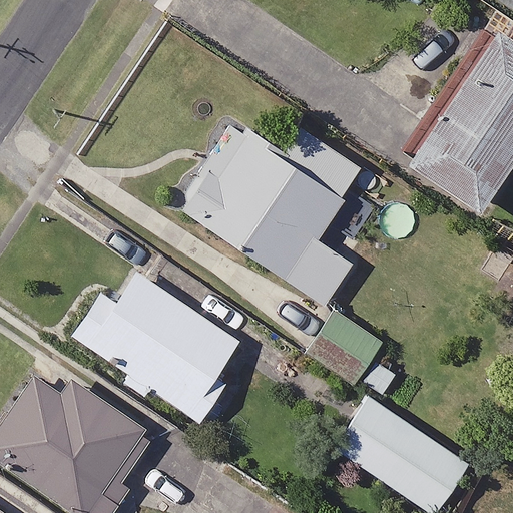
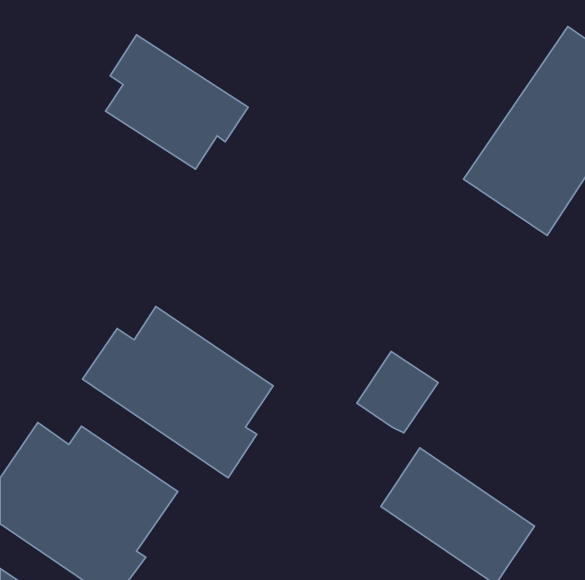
building: none -> [106,35,248,169]
building: [178,124,361,305] -> none

